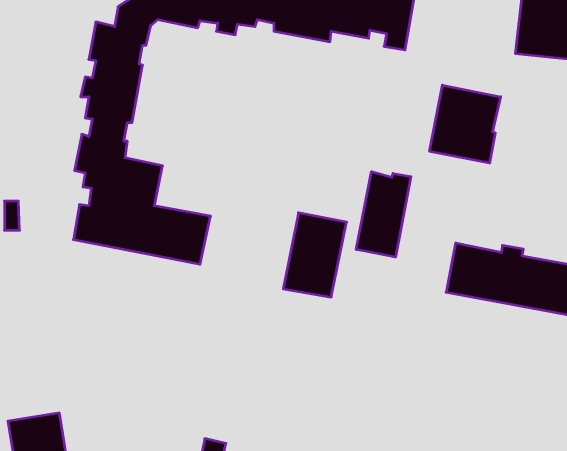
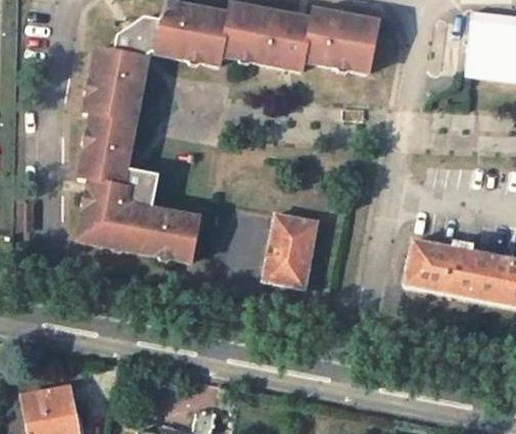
building: [430,85,501,163] -> none
building: [356,172,411,257] -> none

